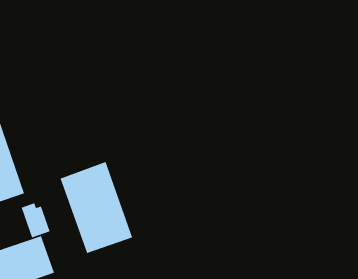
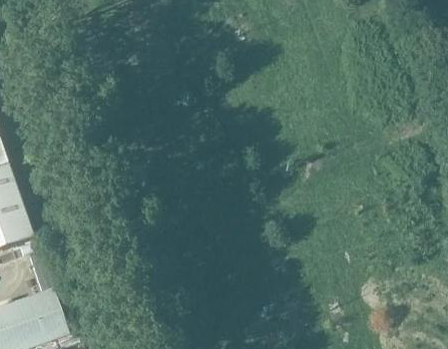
building: [60,161,133,254] -> none

